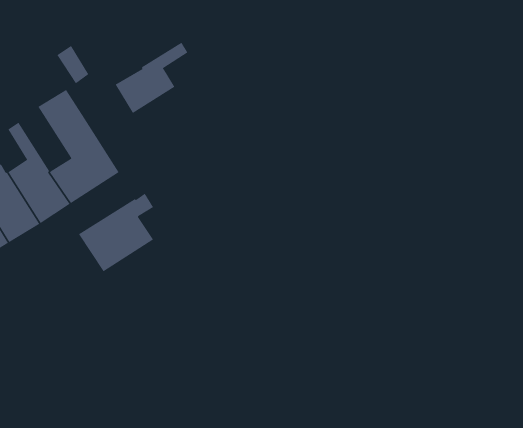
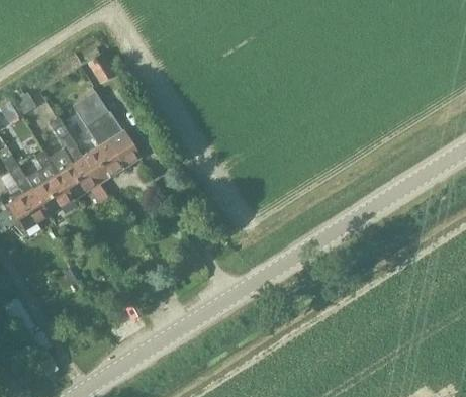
building: [115,42,188,114] -> none
building: [78,193,154,272] -> none

